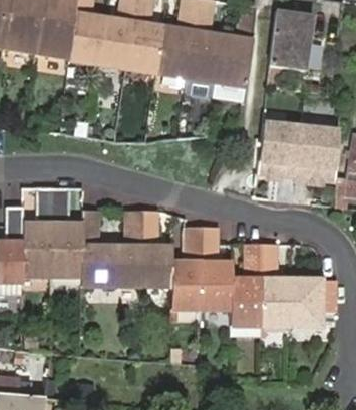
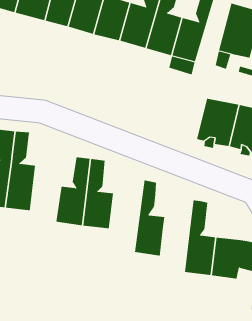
building: [78,208,109,285] -> none
building: [170,225,203,320] -> none
building: [232,241,261,325] -> none

